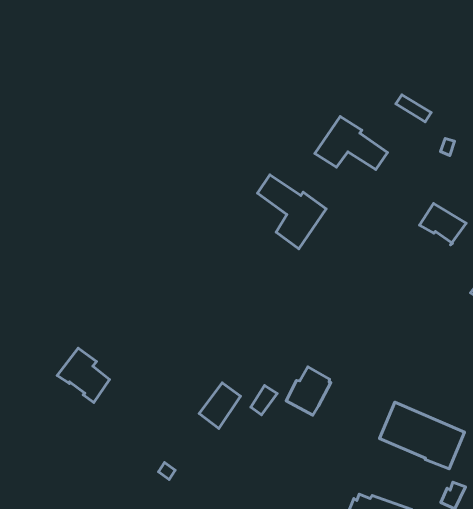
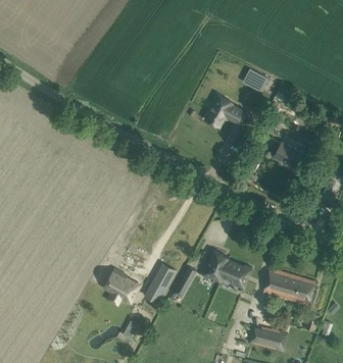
building: [257,175,326,249] -> none
building: [57,348,109,402] -> [105,268,138,301]
building: none -> [224,260,252,289]

